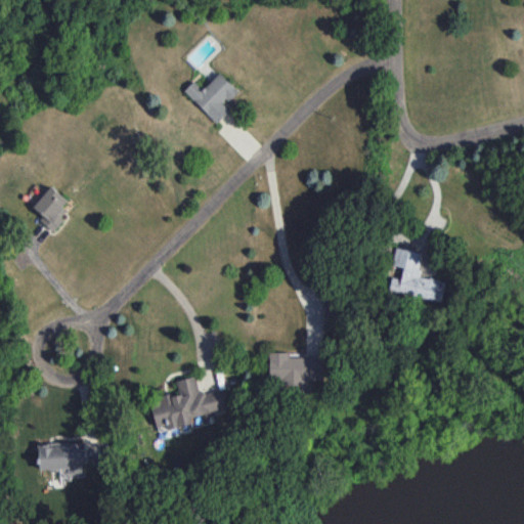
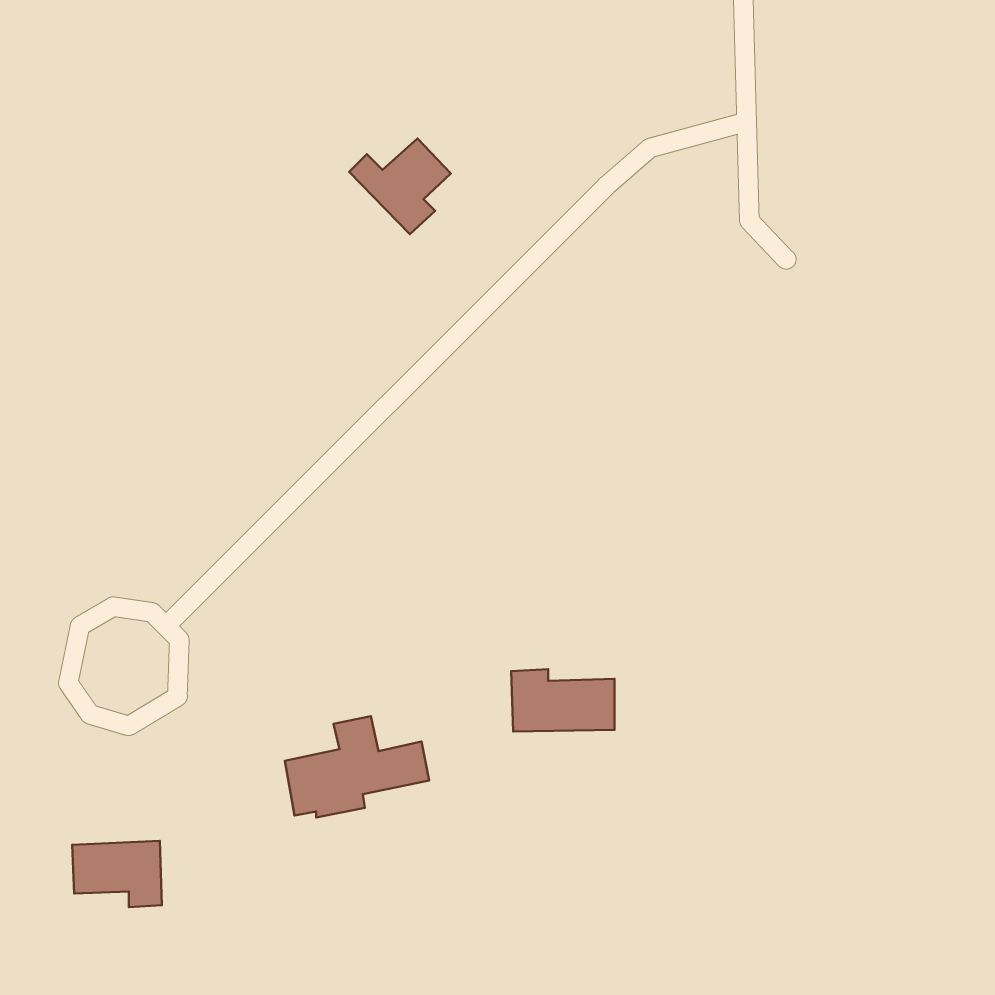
building: [33,186,67,232] -> none
building: [388,249,444,302] -> none

